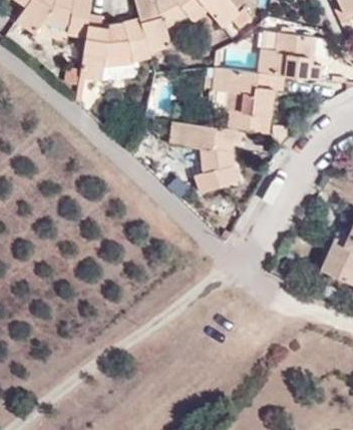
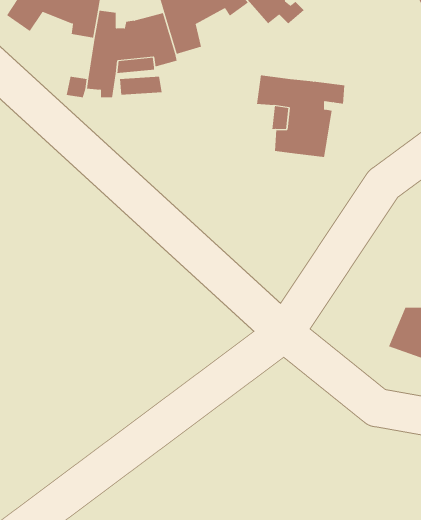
building: [258,31,321,78] -> none
building: [168,120,241,192] -> none

